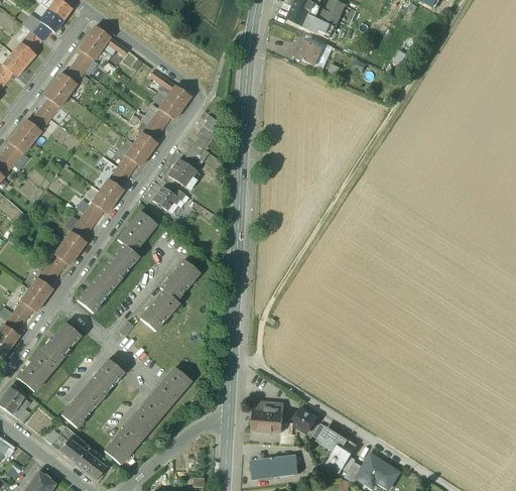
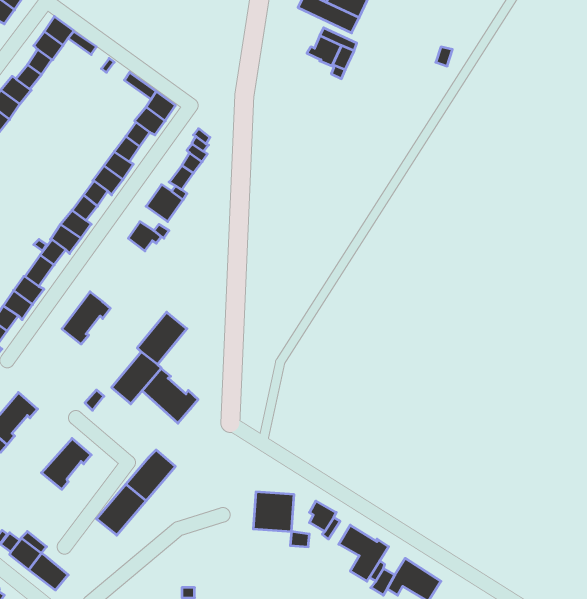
building: [117,211,154,251] -> none
building: [77,272,115,314] -> none
building: none -> [142,369,198,423]
building: [60,386,100,427] -> none
building: [104,422,143,464] -> none
building: [250,454,298,480] -> none

